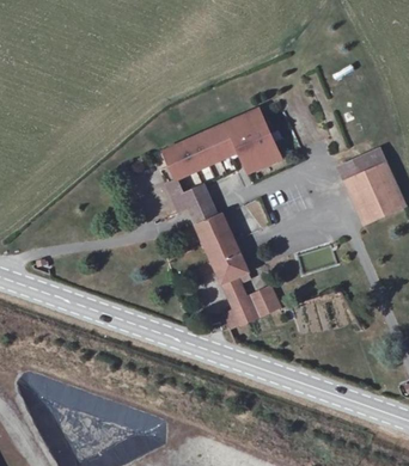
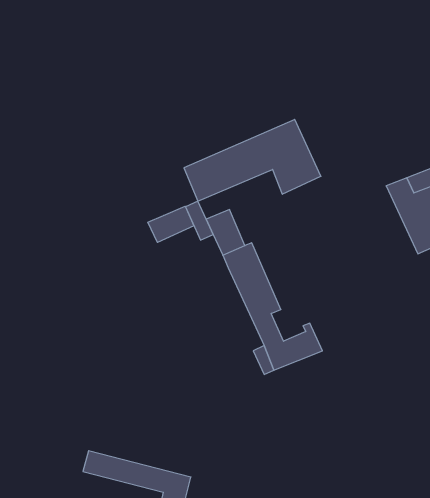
building: none -> [148,206,194,242]

